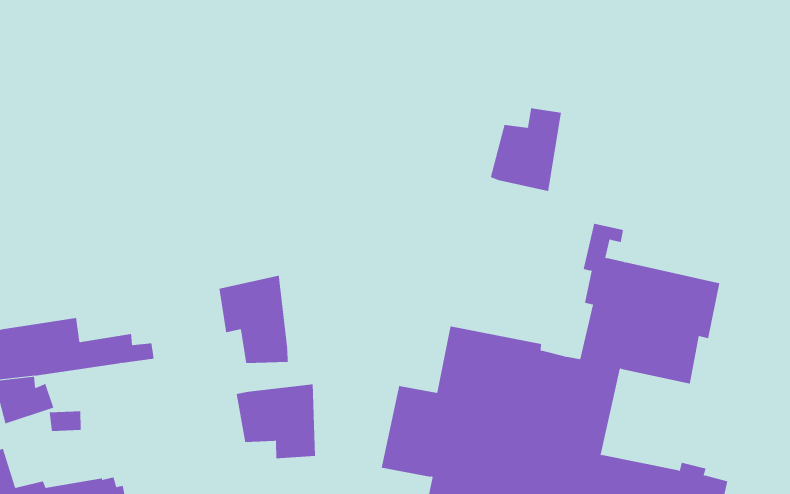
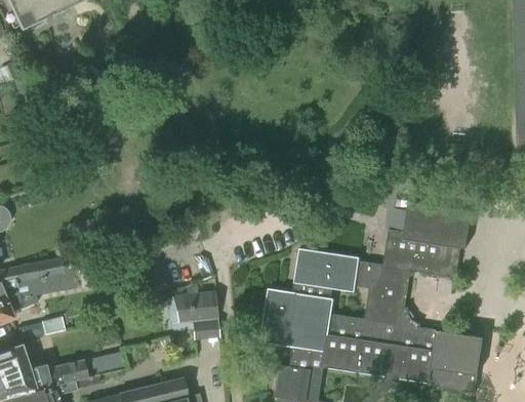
building: [490,108,561,192] -> none
building: [219,275,288,364] -> none

